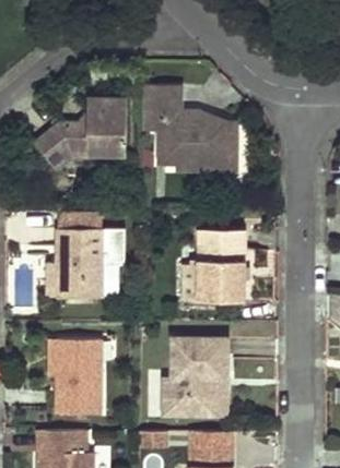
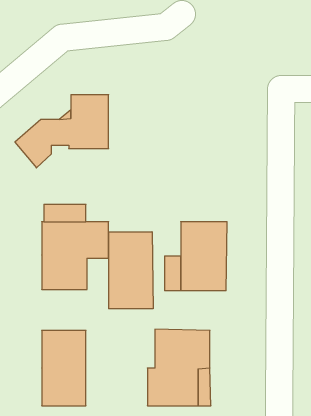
building: [142,85,237,172] -> none
building: none -> [109,232,153,309]

